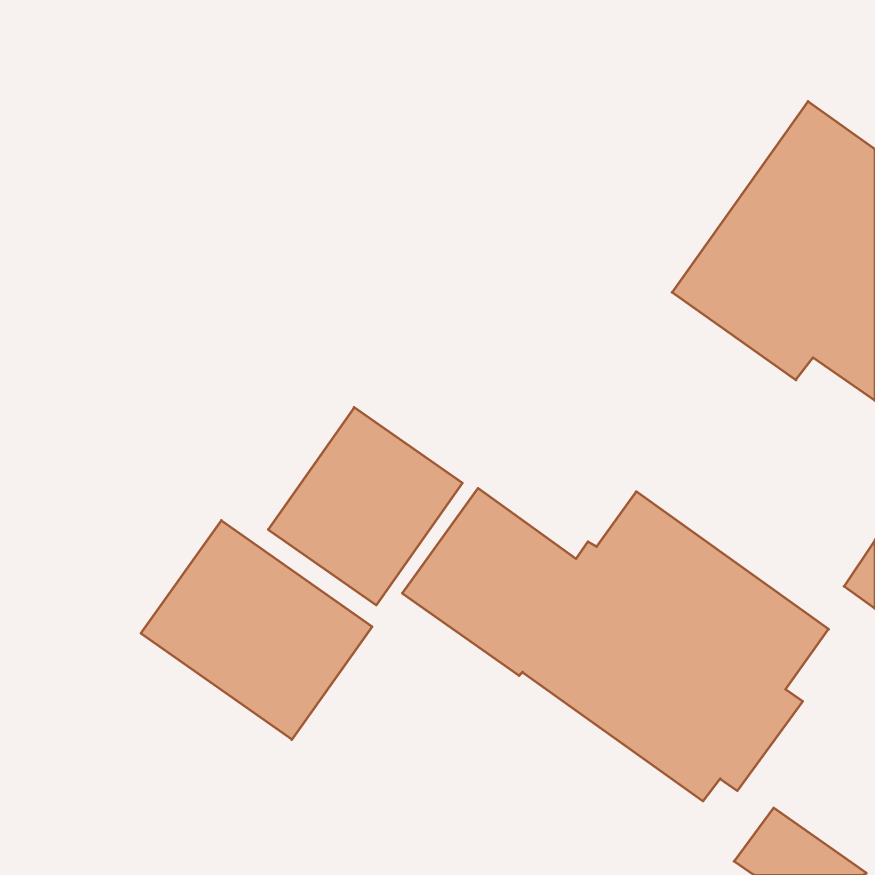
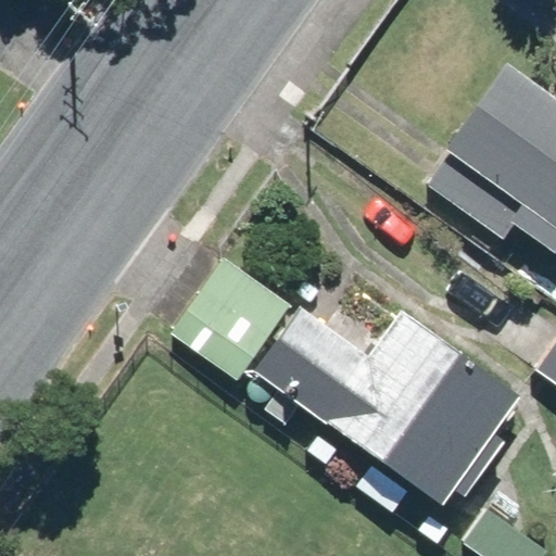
building: [141,520,372,740] -> none

